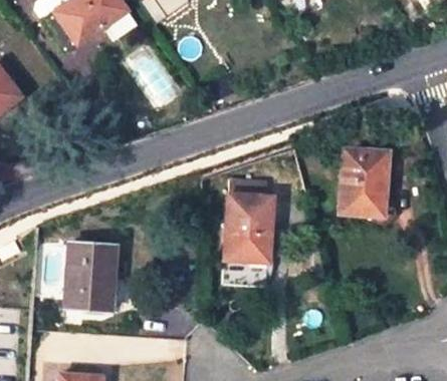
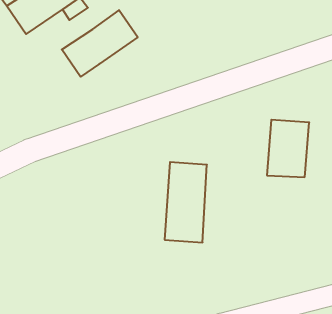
building: none -> [62,10,138,77]
building: [68,244,111,310] -> none

